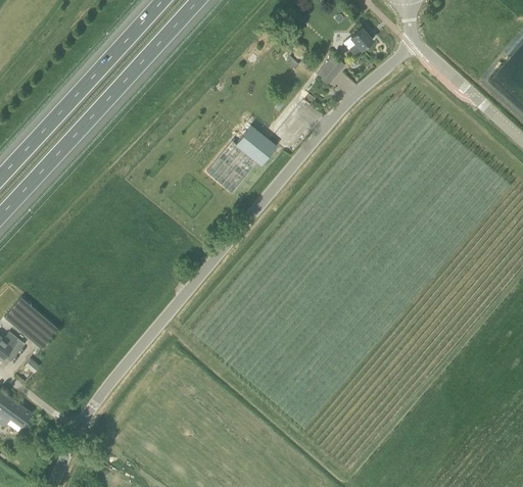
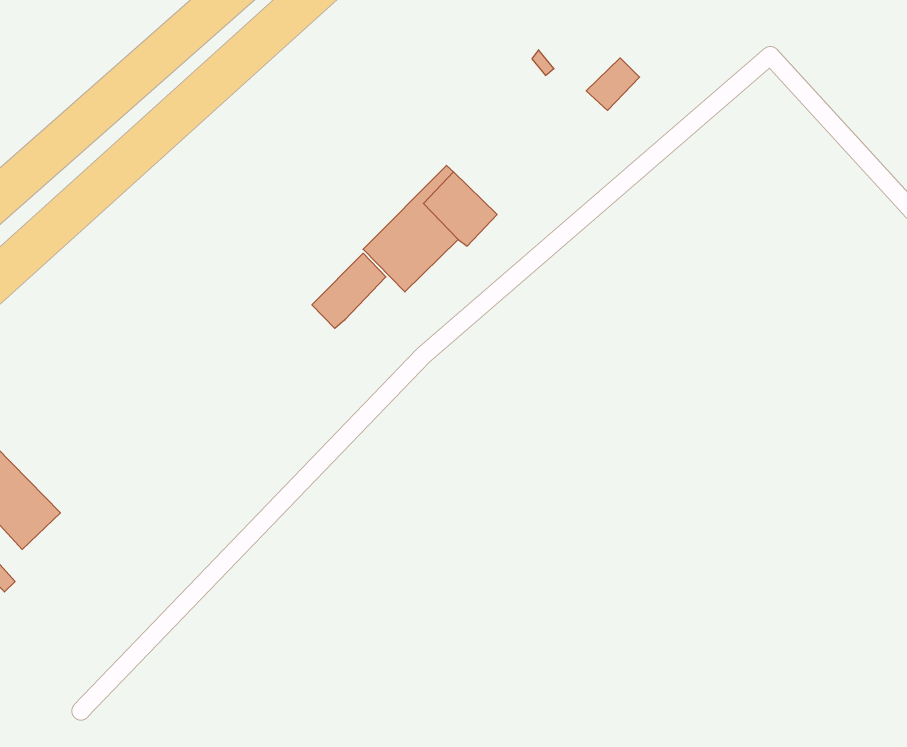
building: [343,28,373,55] -> none
building: none -> [312,253,386,328]

